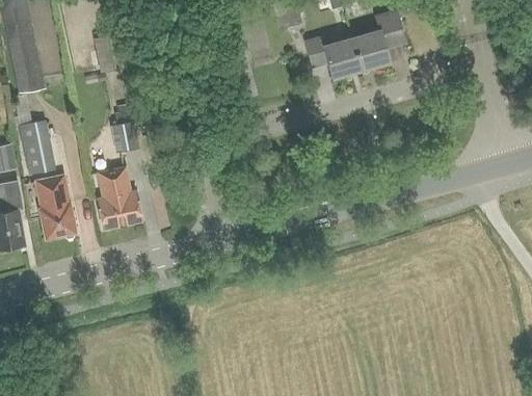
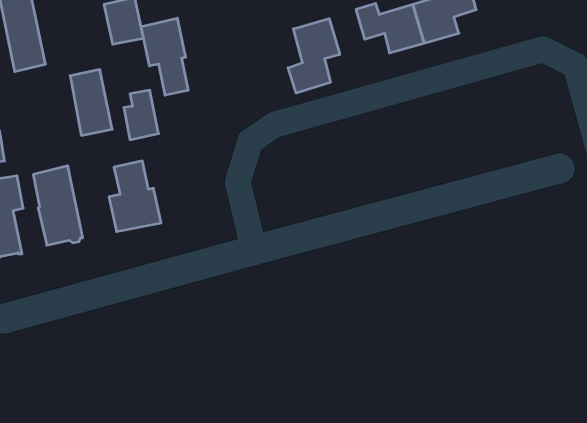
building: none -> [141,18,188,95]
building: none -> [288,19,340,93]
building: [20,118,55,174] -> [70,70,112,135]

